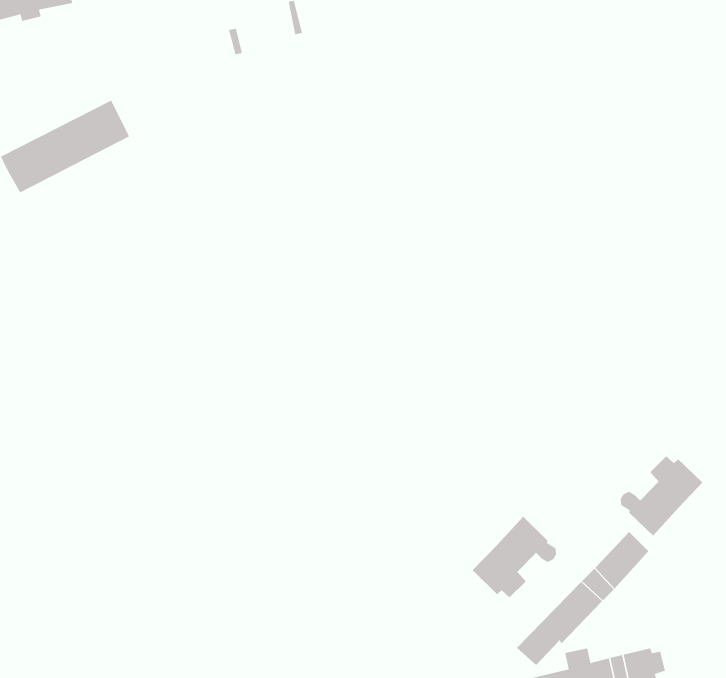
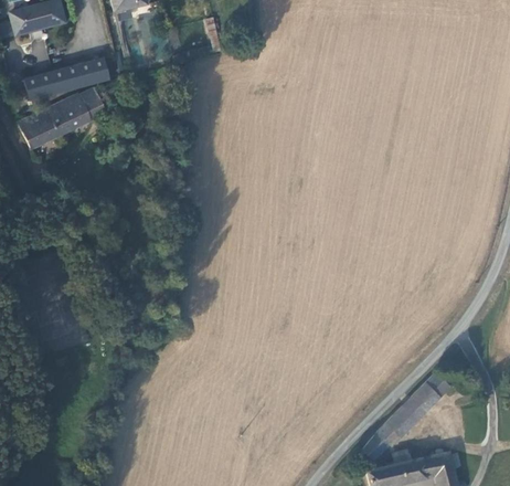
building: none -> [24,57,110,101]
building: [620,455,703,537] -> none
building: [472,516,556,598] -> none

